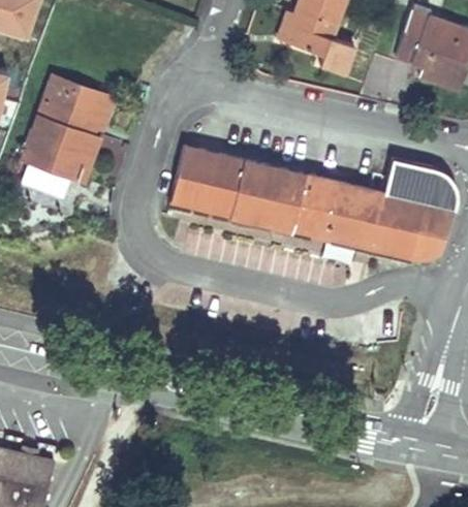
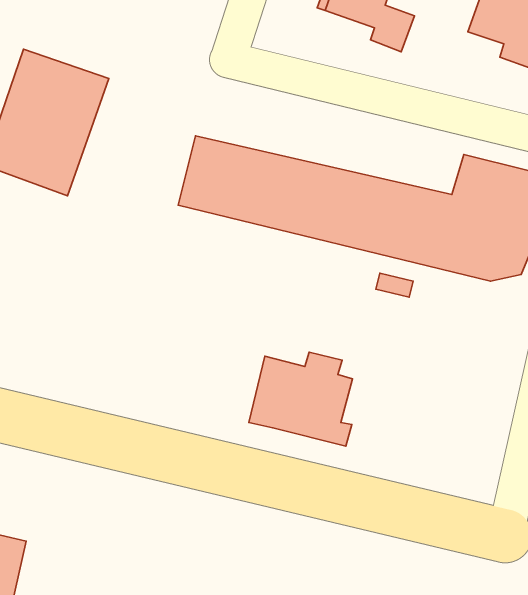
building: none -> [249,352,352,446]

